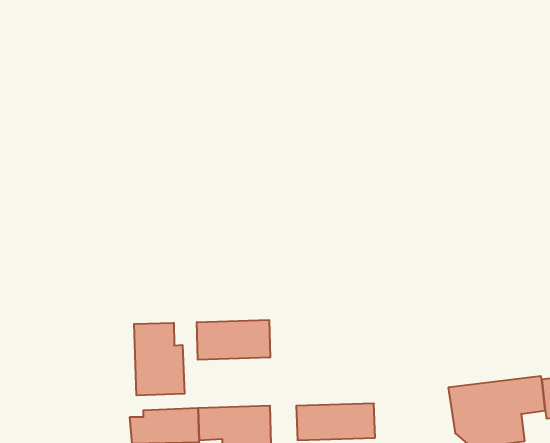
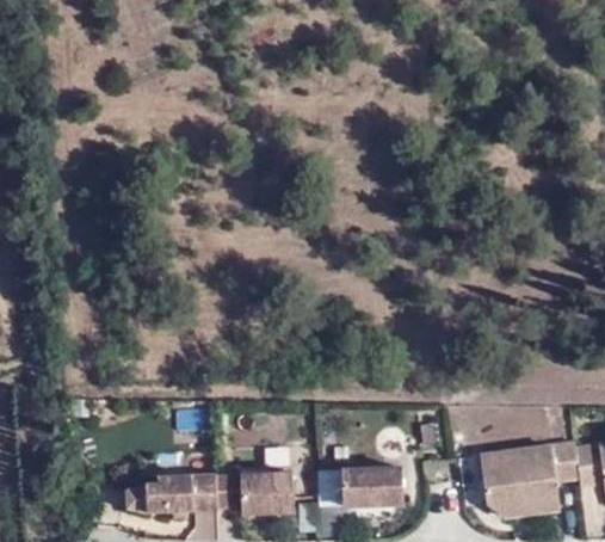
building: [197,320,270,360] -> none
building: [134,323,185,395] -> none

